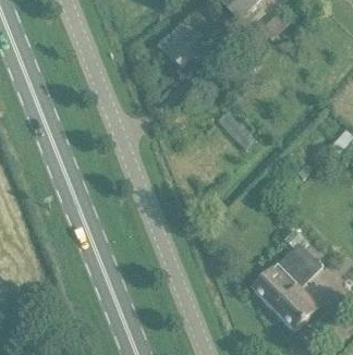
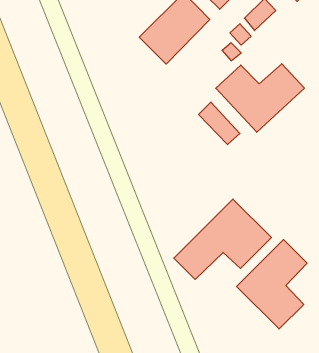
building: none -> [216,64,304,132]
building: none -> [174,199,271,279]

